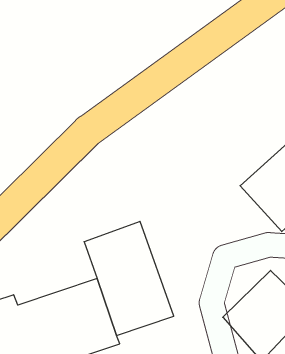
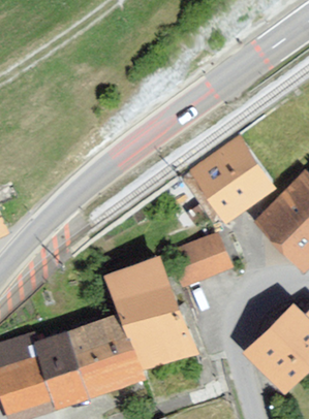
building: none -> [196,135,276,215]
building: none -> [171,235,228,288]

